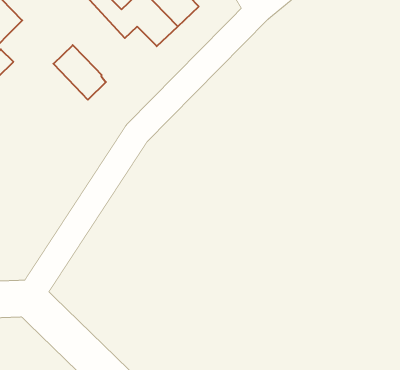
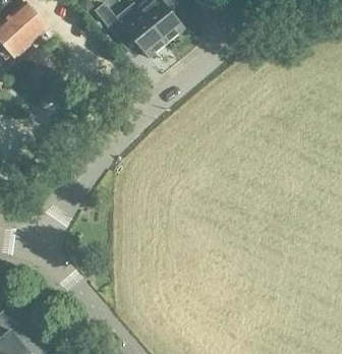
building: [53,45,106,100] -> none

